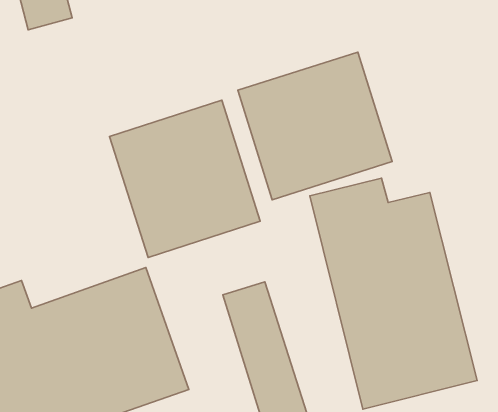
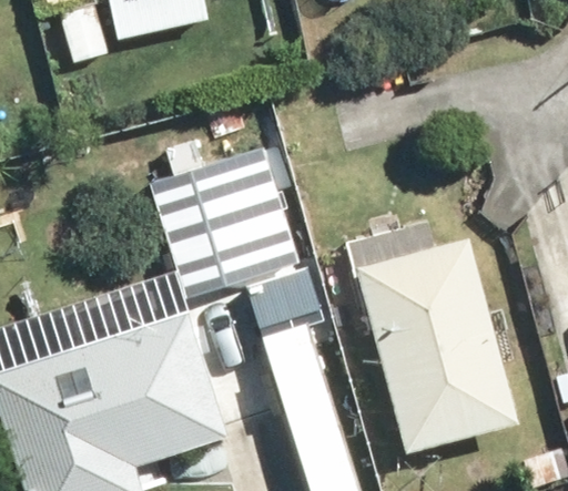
building: [238,52,392,200] -> none

